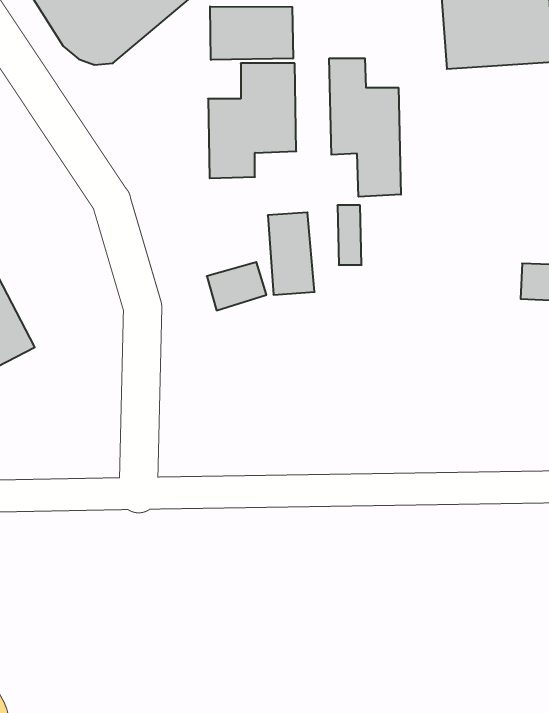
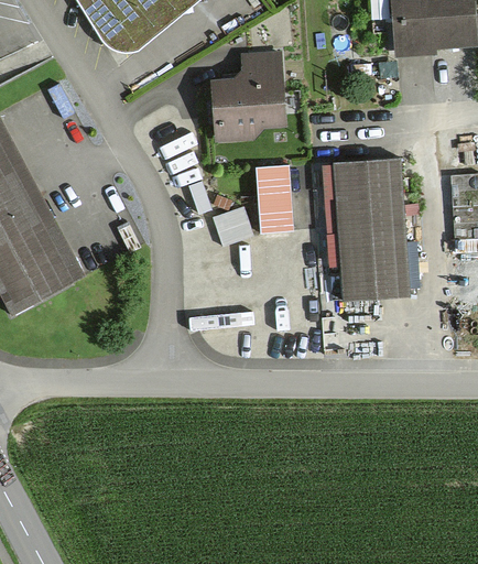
building: [210,6,293,60] -> none
building: [329,58,401,197] -> none
building: none -> [336,159,409,297]

